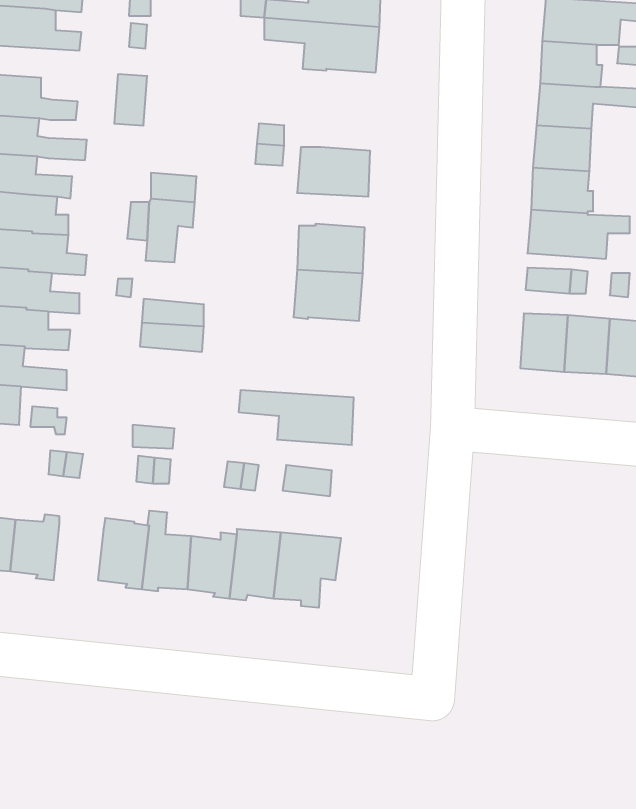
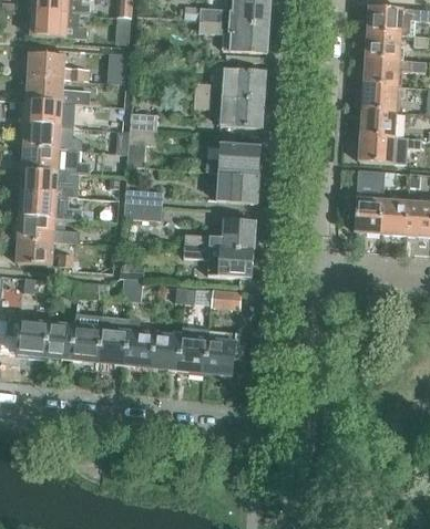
building: none -> [229,70,265,100]
building: none -> [184,219,255,249]
building: none -> [71,321,101,361]

